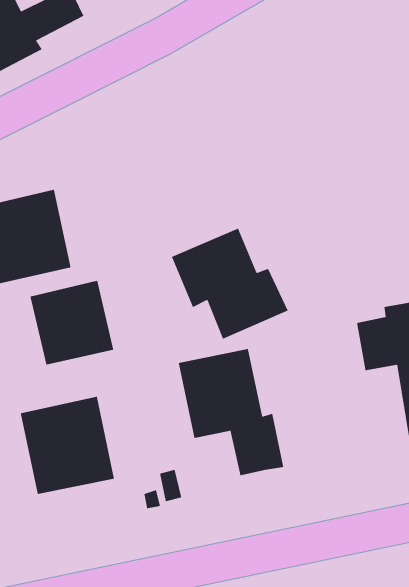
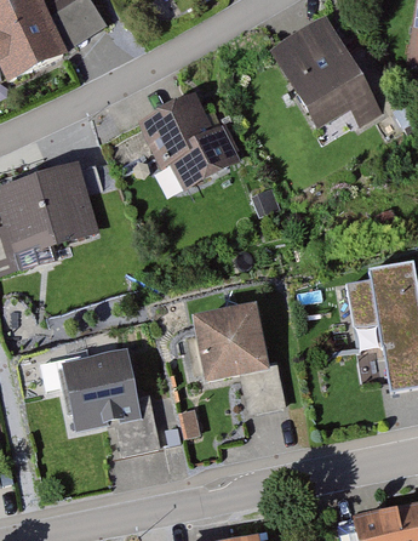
building: none -> [273,16,377,123]
building: [171,228,289,340] -> [144,93,244,188]
building: [30,280,114,365] -> none

